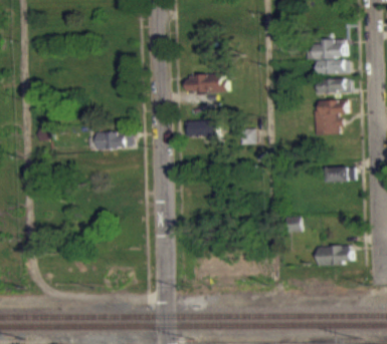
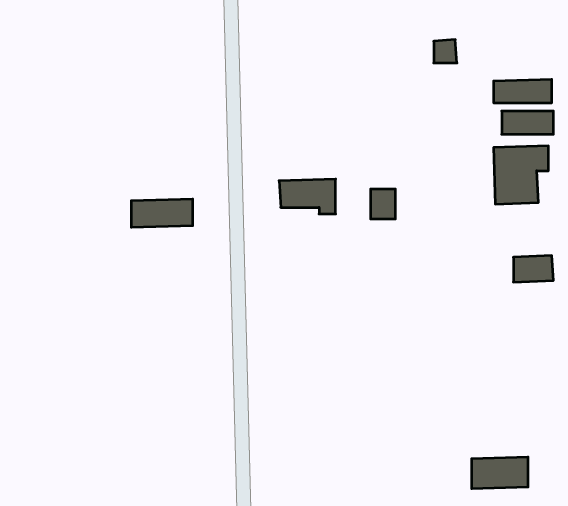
building: [304,41,345,60] -> none
building: [186,74,227,93] -> none
building: [315,247,349,266] -> [472,457,528,489]

